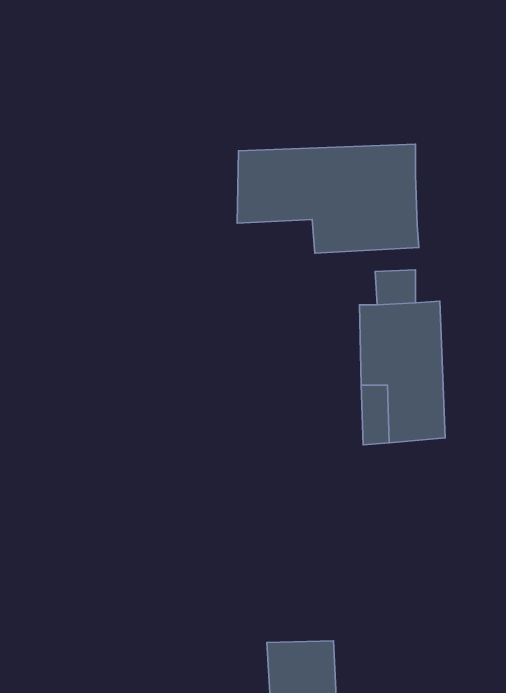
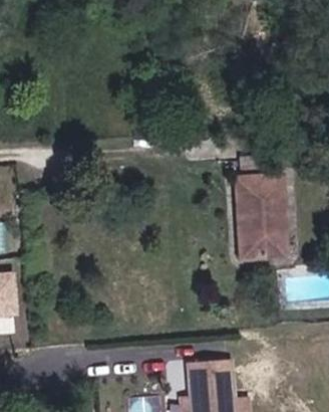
building: [237,144,419,253] -> none

